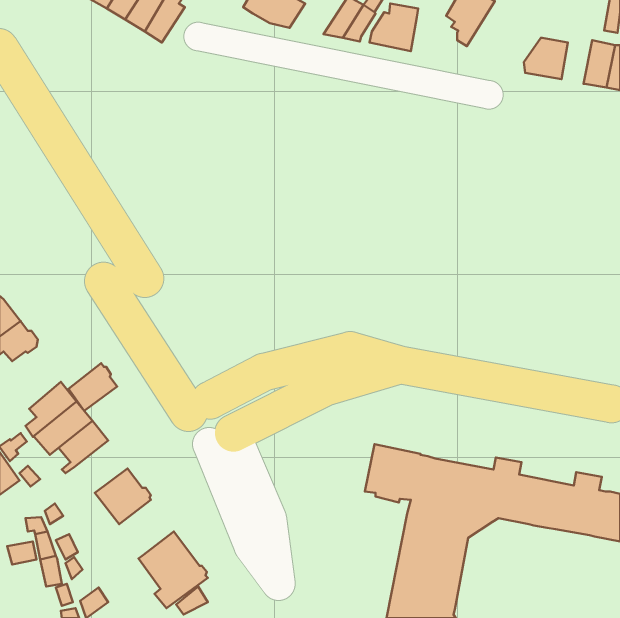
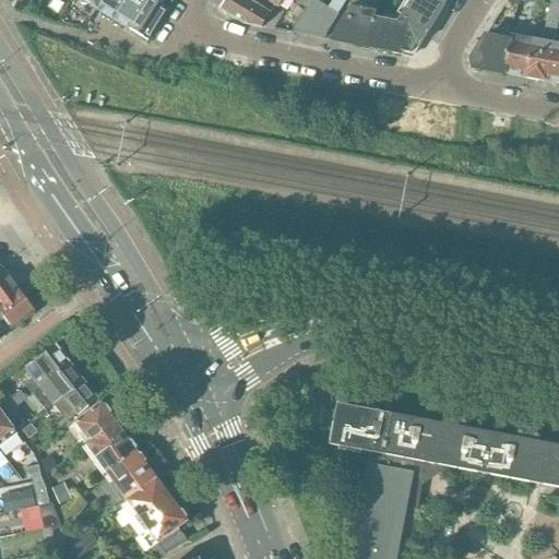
building: none -> [369,14,419,53]
building: none -> [504,33,532,75]
building: [68,363,117,411] -> [71,400,115,442]
building: none -> [107,449,156,499]

